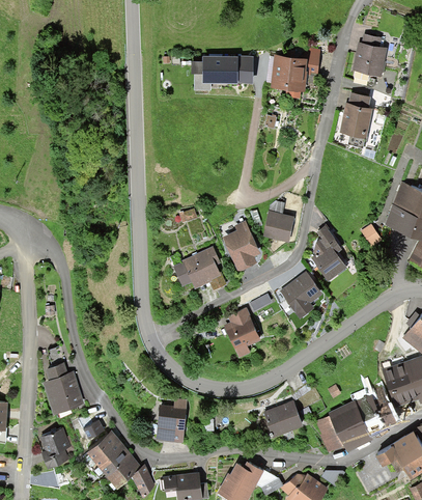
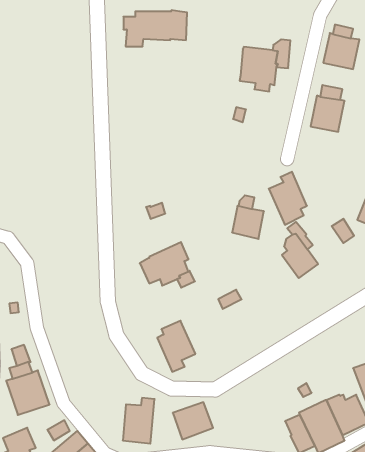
building: [192,55,254,90] -> [123,10,187,46]
building: [223,220,260,272] -> [269,172,307,225]
building: [280,272,322,318] -> none
building: [224,308,261,358] -> [157,321,195,372]
building: [263,401,303,438] -> [173,402,213,439]

